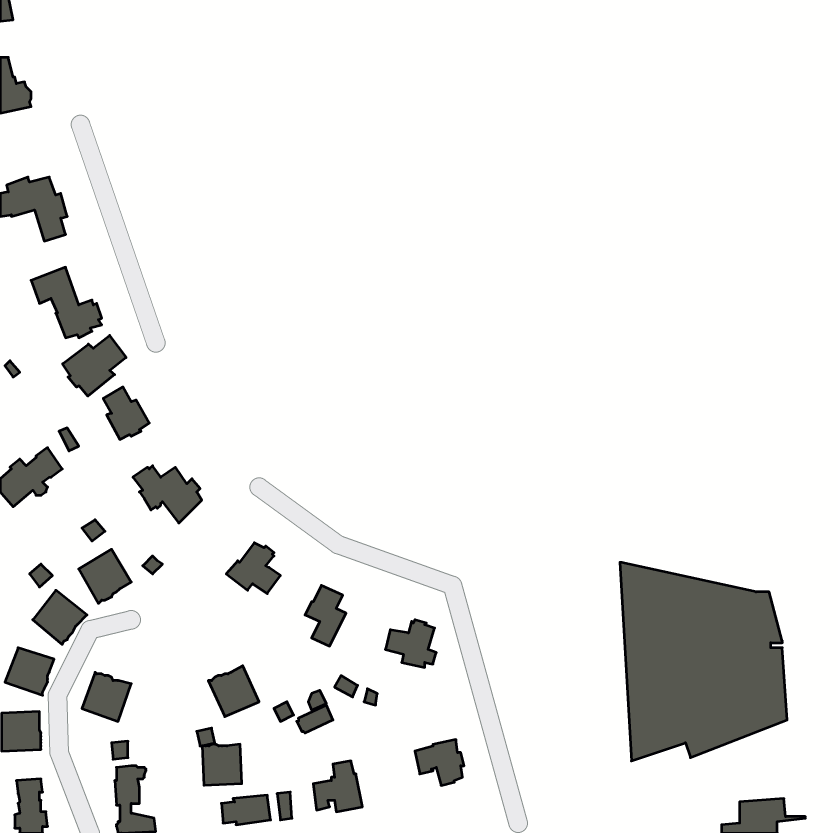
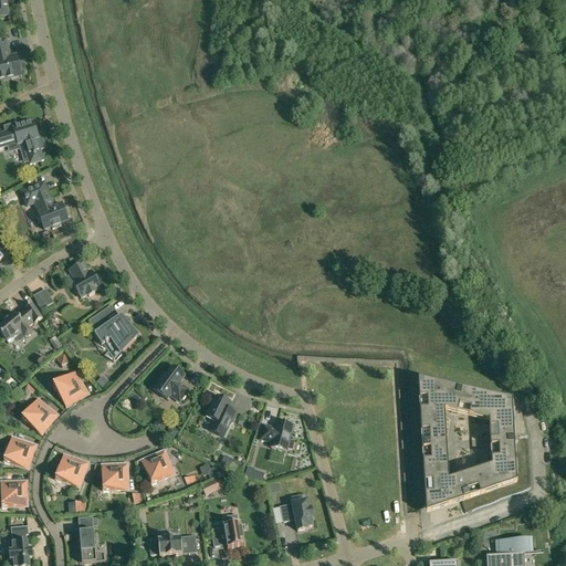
building: [63,335,126,396] -> none
building: [202,744,242,785] -> [102,462,128,490]

